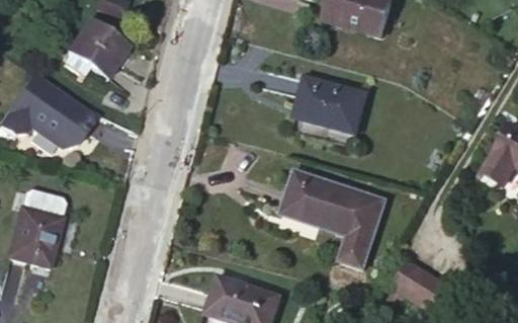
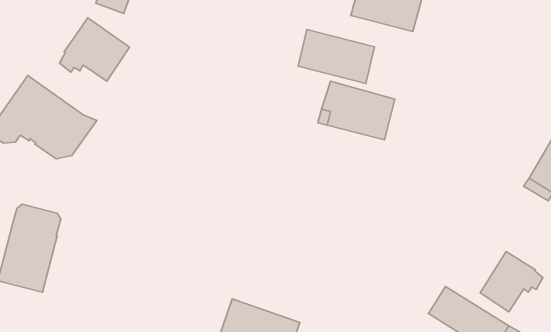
building: none -> [298,30,374,83]
building: [282,170,383,266] -> none
building: none -> [480,251,543,312]

